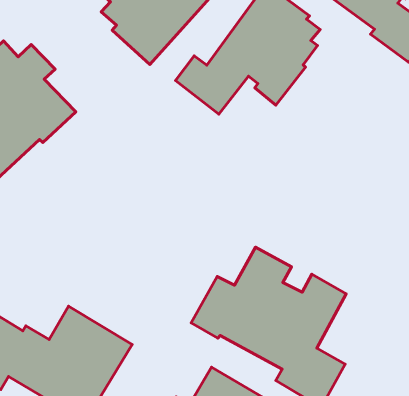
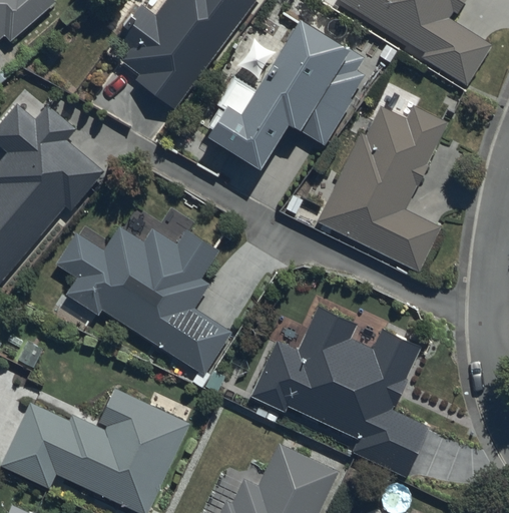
building: none -> [316,105,448,272]
building: none -> [55,226,231,376]

